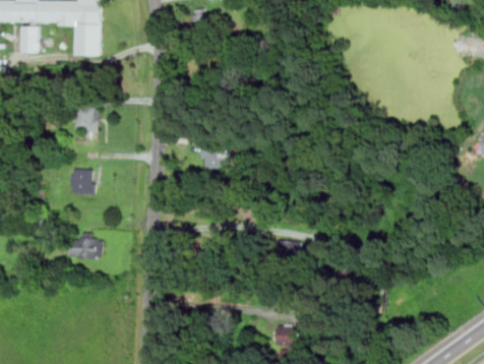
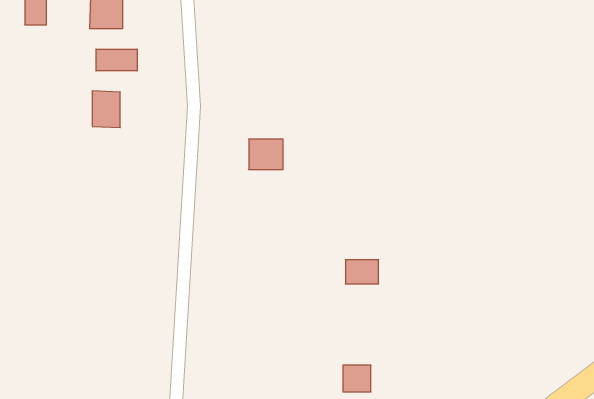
building: none -> [96,49,137,71]
building: [69,169,93,192] -> none
building: [68,232,101,258] -> none

